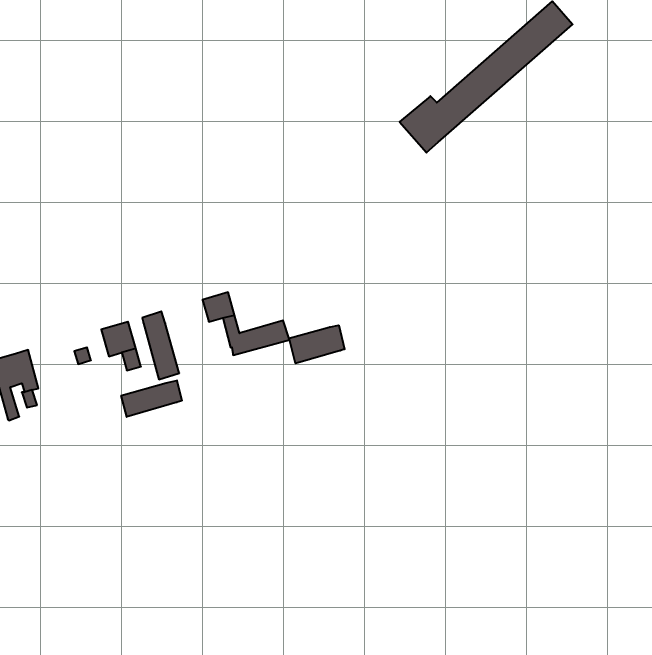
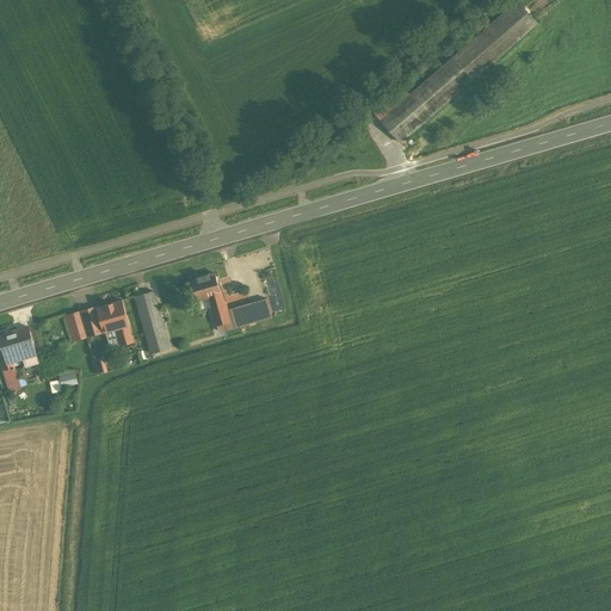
building: [289,325,345,363] -> none
building: [121,380,182,417] -> none

